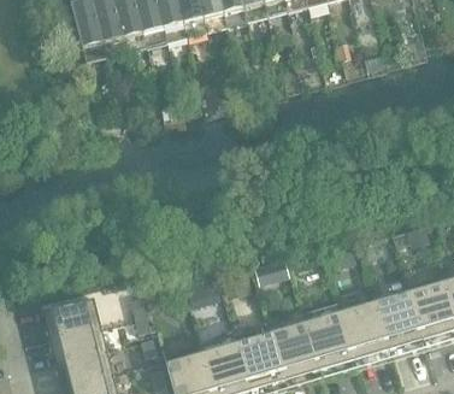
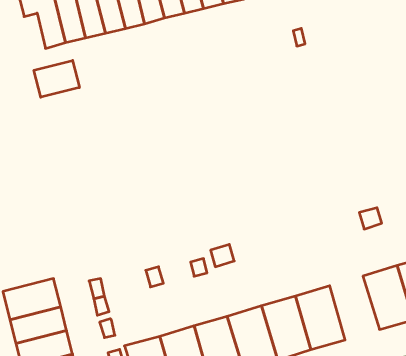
building: none -> [34,60,79,97]
building: [375,290,425,355] -> none

